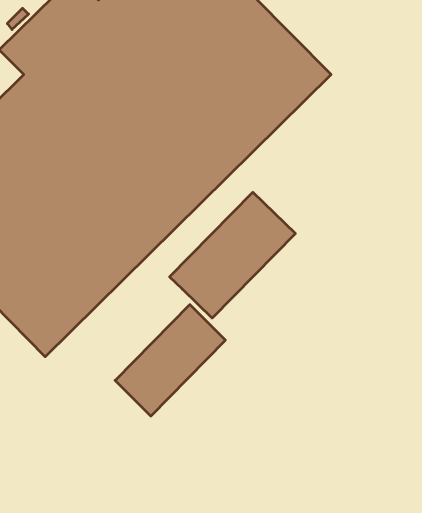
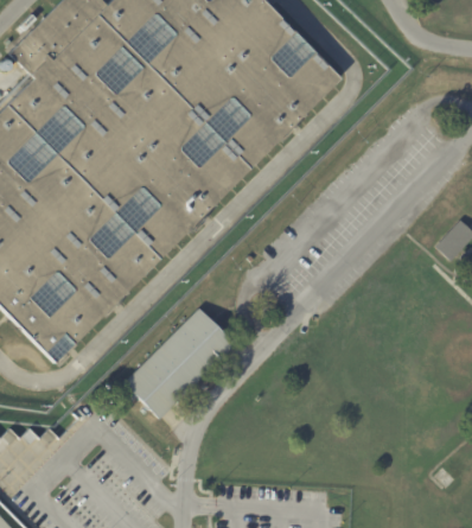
building: [170,192,295,318] -> none

